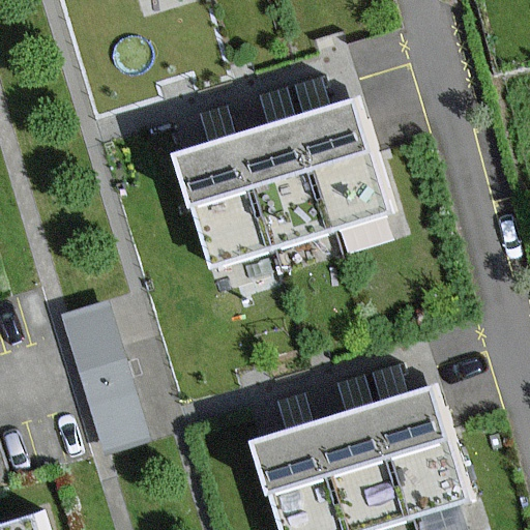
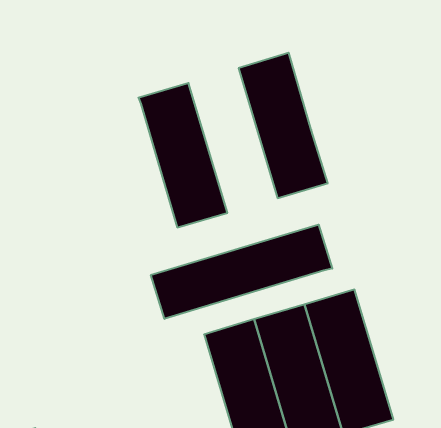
building: [227,98,333,271] -> none
building: none -> [151,225,332,319]
building: [67,303,150,453] -> none

